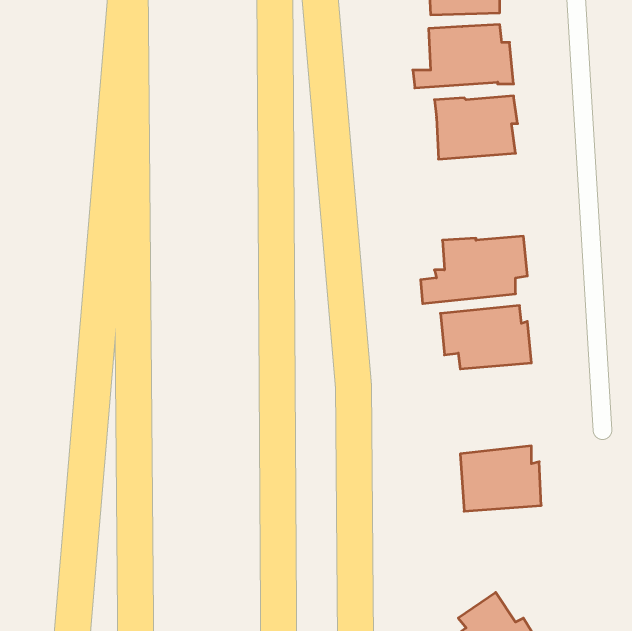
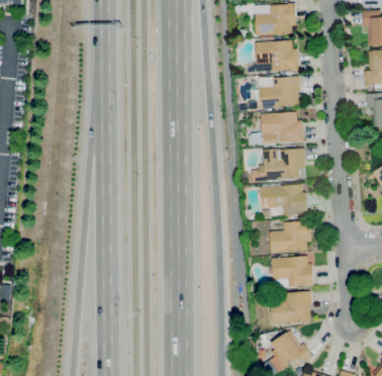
building: none -> [248,112,303,147]
building: none -> [269,219,310,254]
building: none -> [269,291,311,324]

